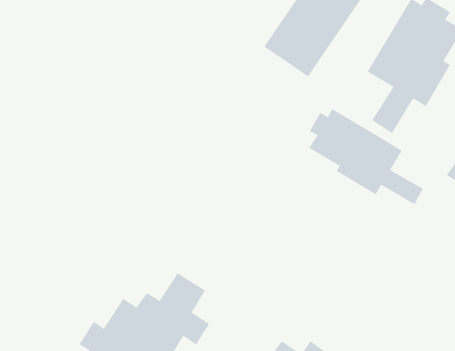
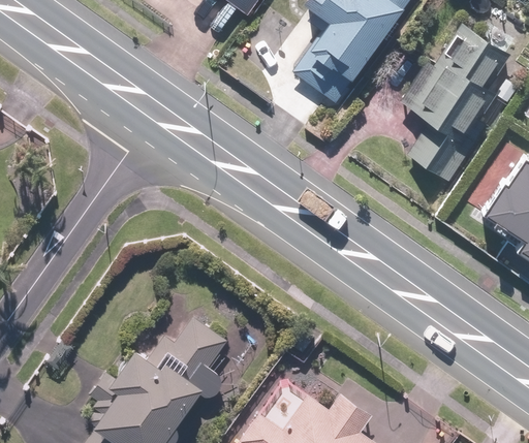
building: [309,108,424,205] -> none

